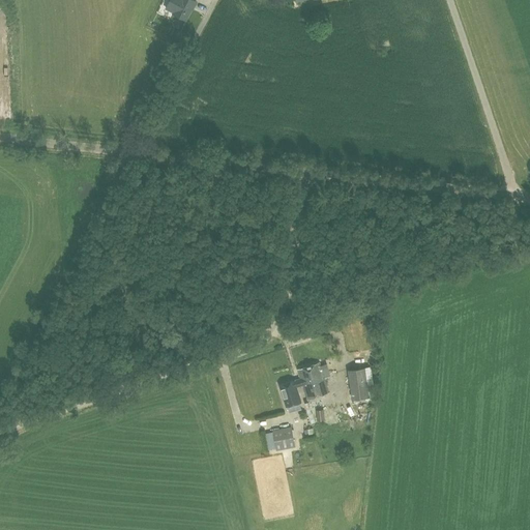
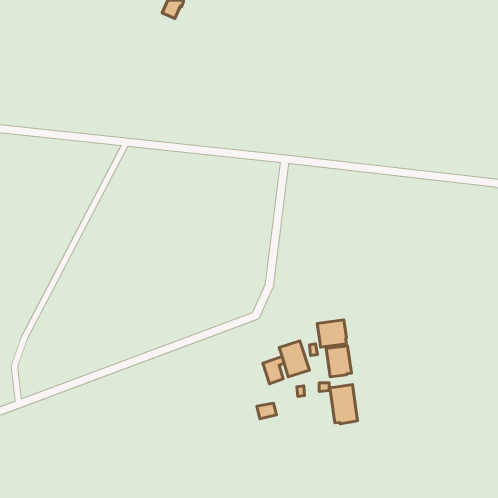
building: none -> [317,320,347,347]
building: none -> [330,384,358,424]

